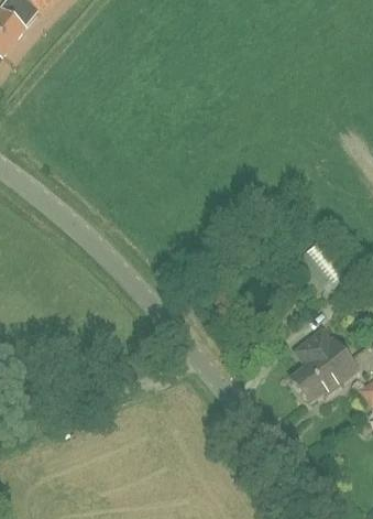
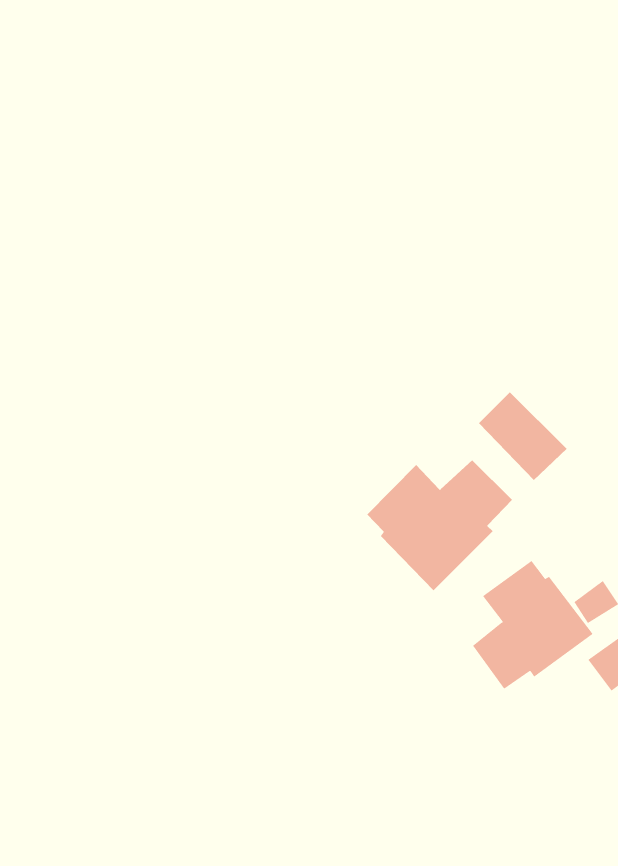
building: none -> [367,459,513,591]

